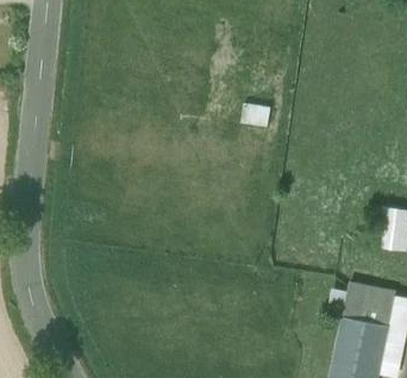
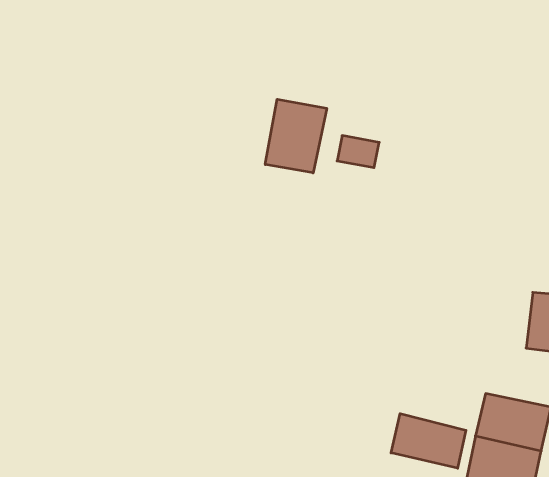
building: none -> [265,99,327,173]
building: none -> [391,414,466,468]

